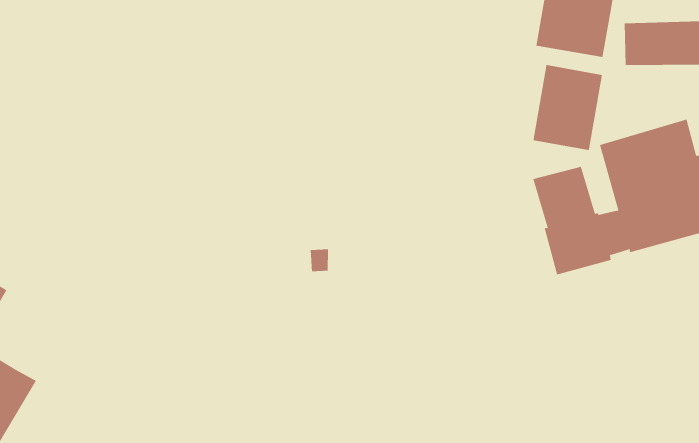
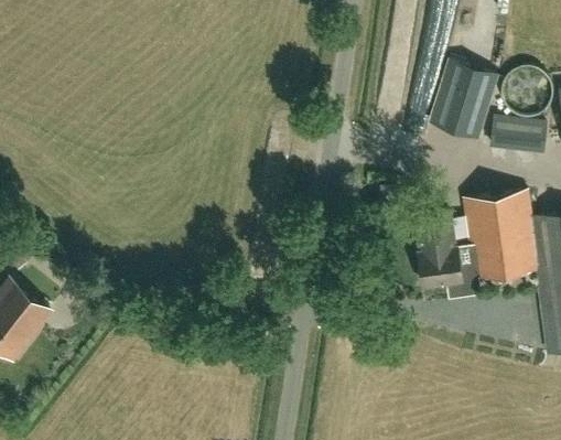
building: [533,64,603,151] -> none

